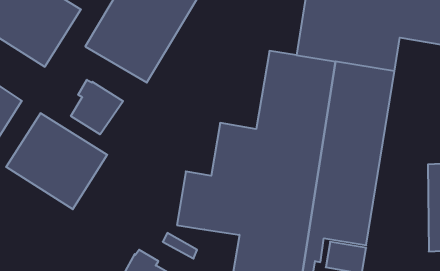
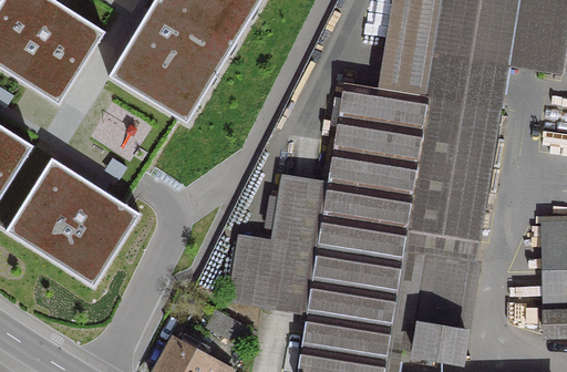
building: [71,80,123,134] -> none

